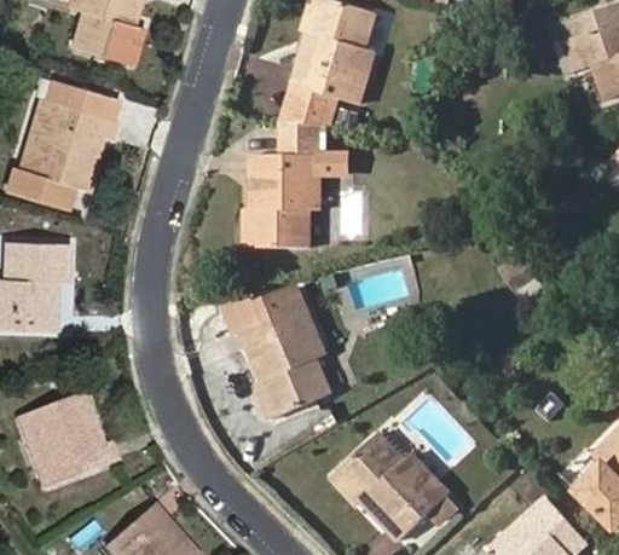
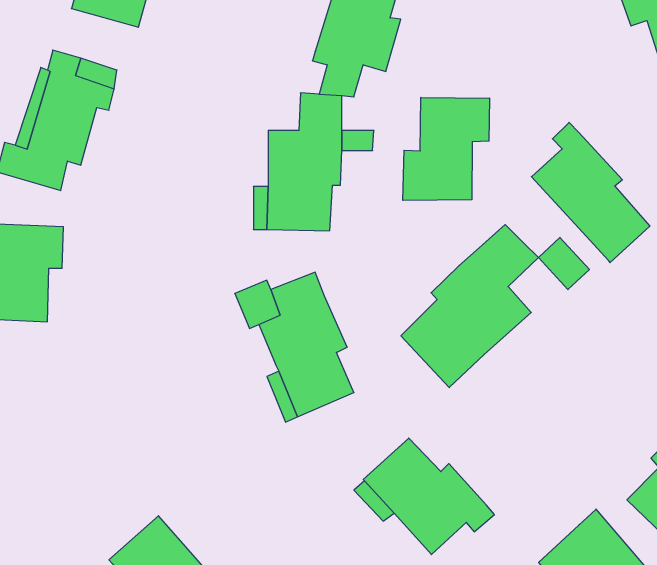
building: none -> [403,97,489,200]
building: none -> [531,122,650,263]
building: none -> [401,225,539,388]
building: [31,395,114,482] -> none

